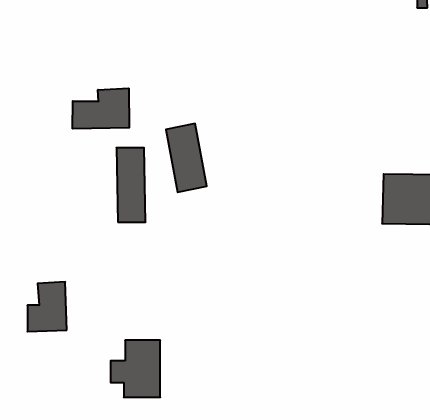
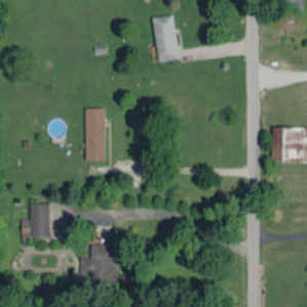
building: [73,88,129,129] -> none
building: [166,124,207,192] -> [152,14,181,63]

